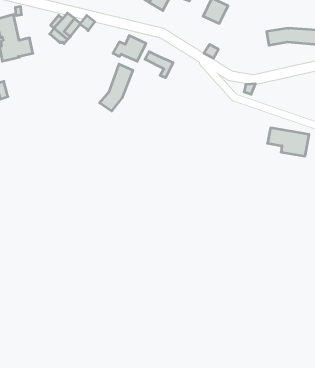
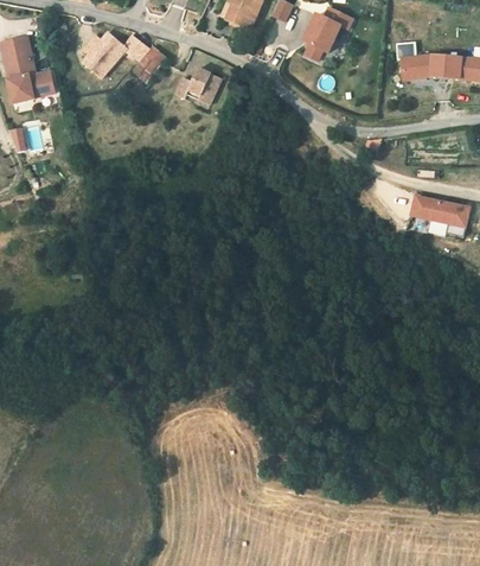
building: none -> [130,44,165,83]
building: [145,52,173,78] -> none
building: [100,64,133,111] -> none

